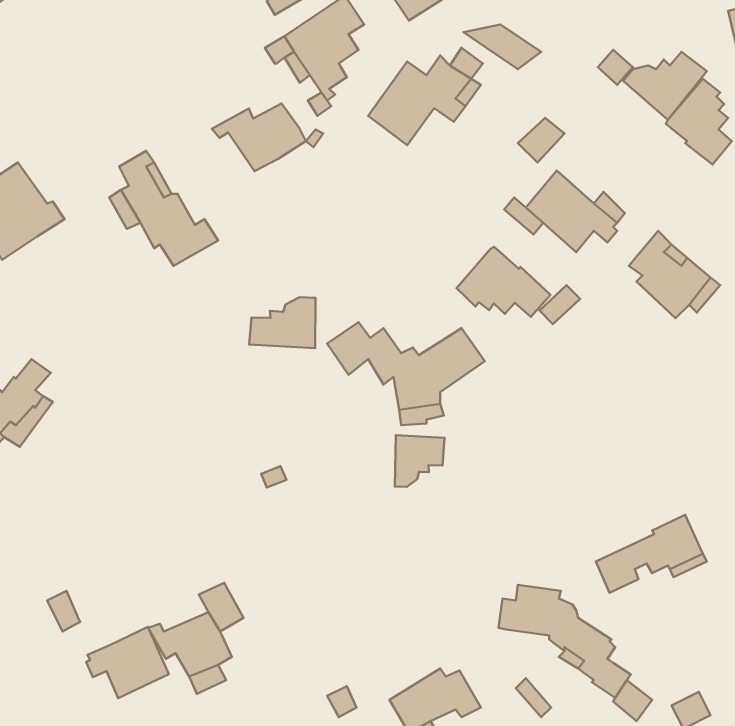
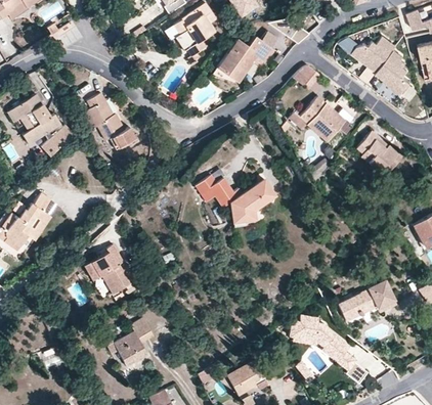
building: [212,103,306,171] -> none
building: none -> [40,122,73,152]
building: [456,247,551,317] -> none
building: [249,297,315,348] -> none
building: [395,435,445,487] -> none
building: none -> [86,246,135,296]
building: [86,627,169,698] -> none

